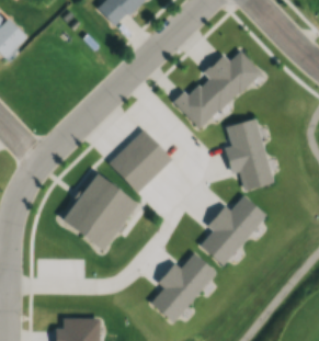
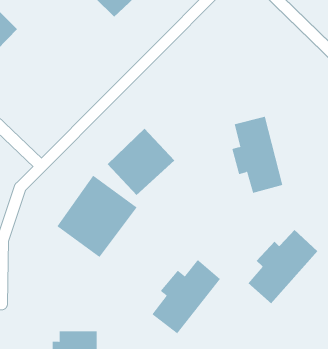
building: [173,50,261,129] -> none
building: [200,195,265,265] -> [248,229,318,304]

